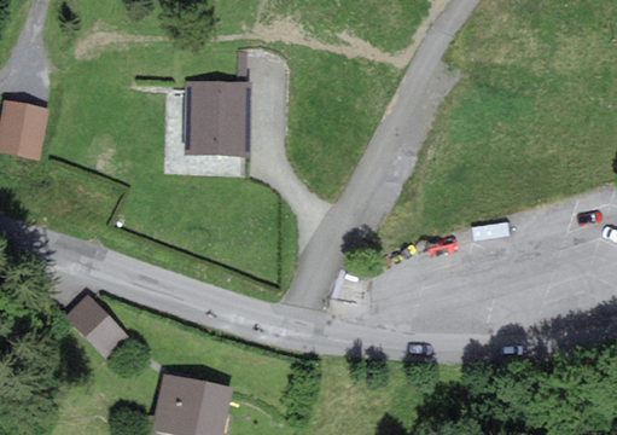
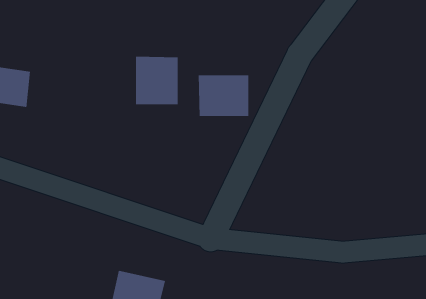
building: none -> [198,74,249,117]
building: [68,295,124,355] -> none

